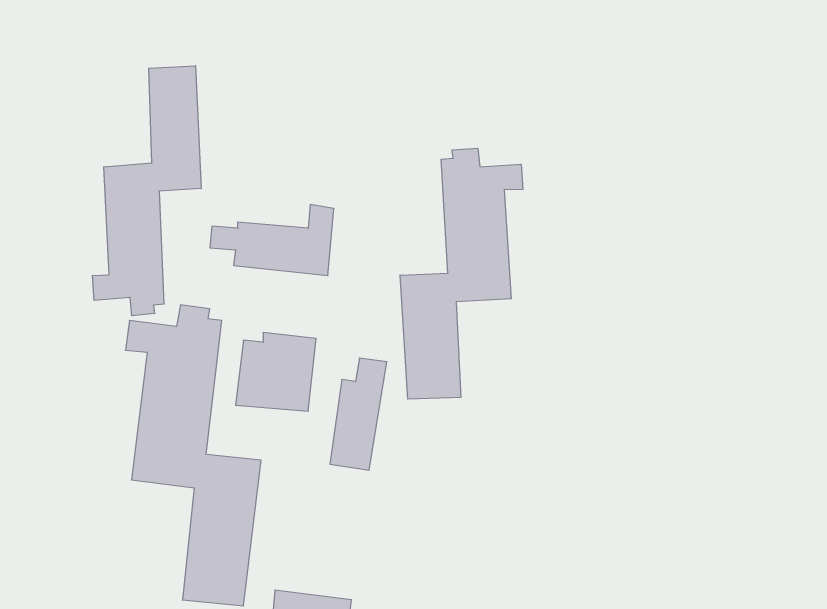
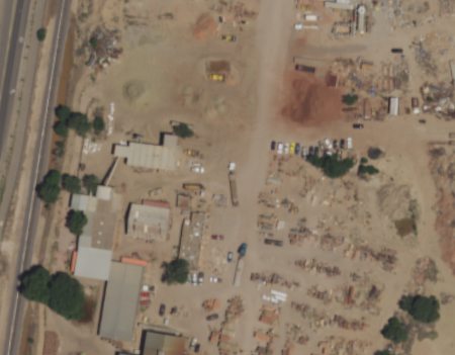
building: [93,66,201,316] -> none
building: [400,148,523,399] -> none

